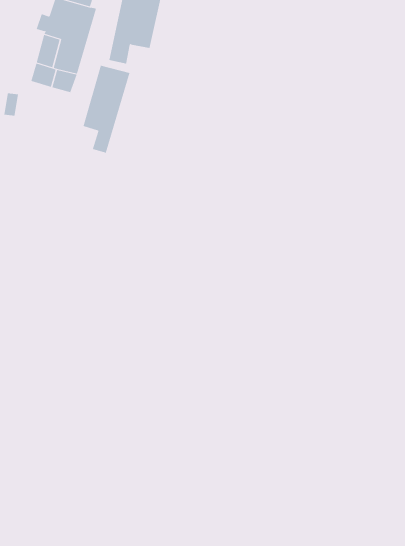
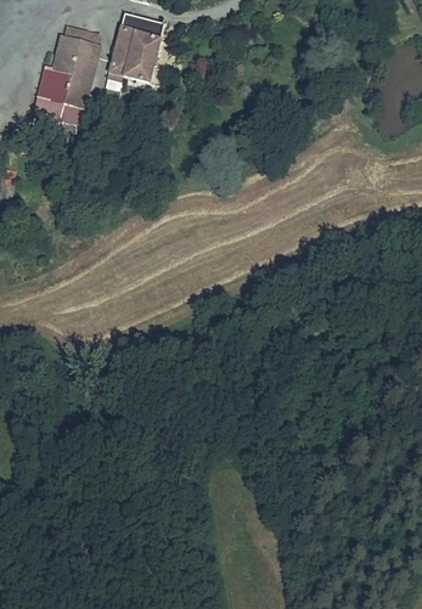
building: [83,65,130,153] -> none

